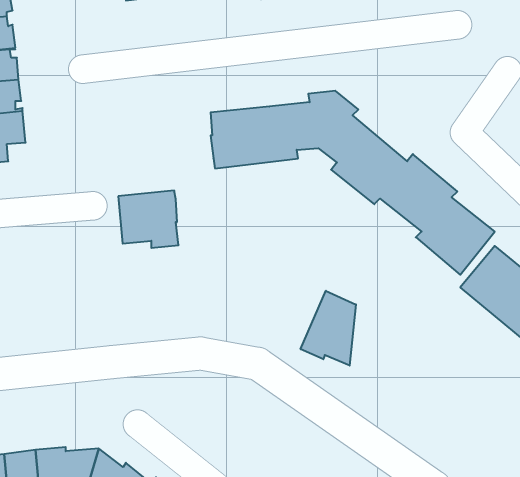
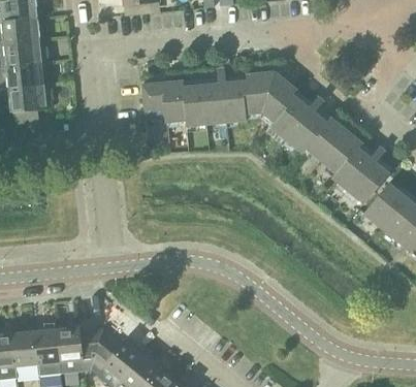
building: [118,191,179,248] -> [142,80,186,122]
building: [301,291,356,366] -> none

